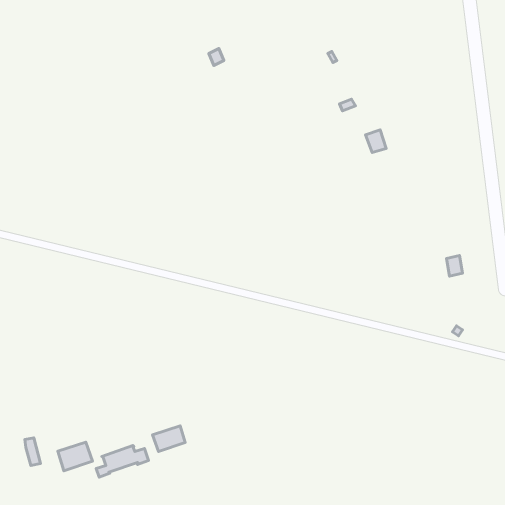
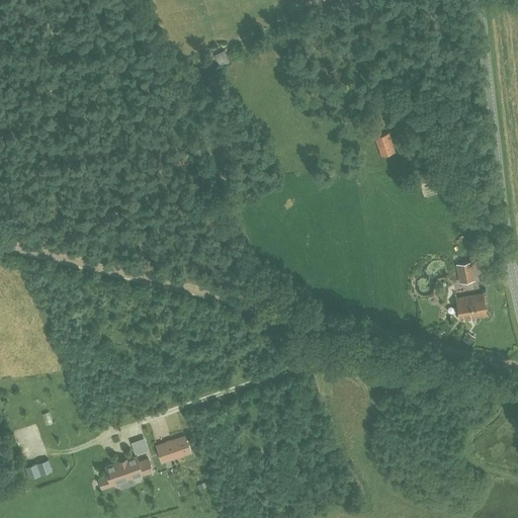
building: none -> [455,293,486,321]
building: [58,442,93,471] -> none

